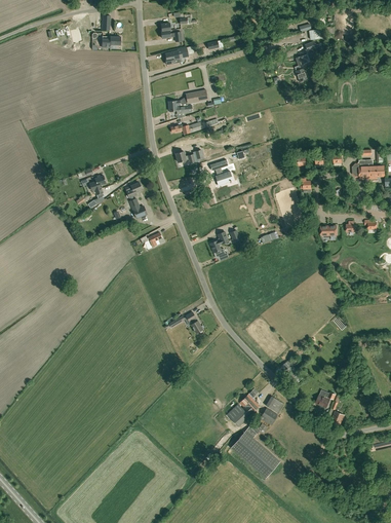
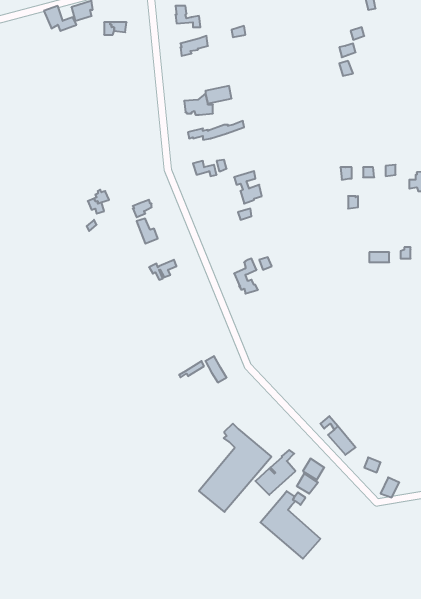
building: none -> [199,424,271,512]

